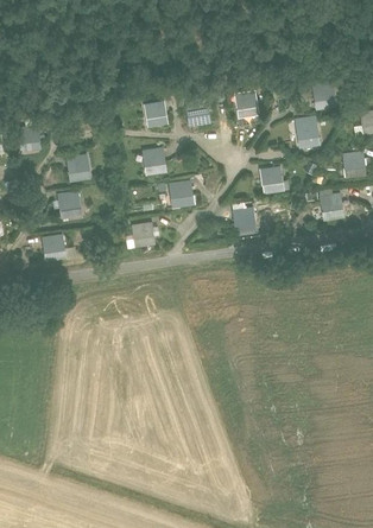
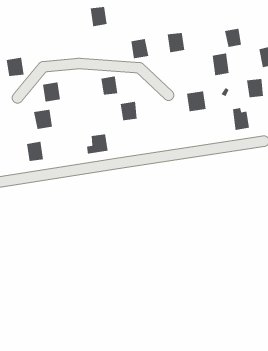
building: [143,98,166,126] -> [90,7,108,27]
building: [230,206,255,235] -> none

